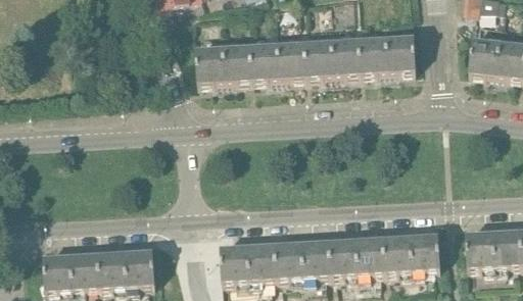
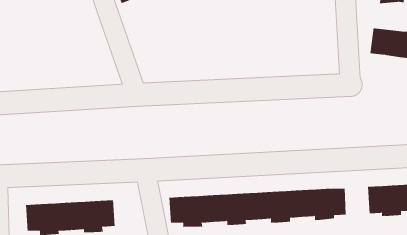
building: [195,37,416,82] -> none

